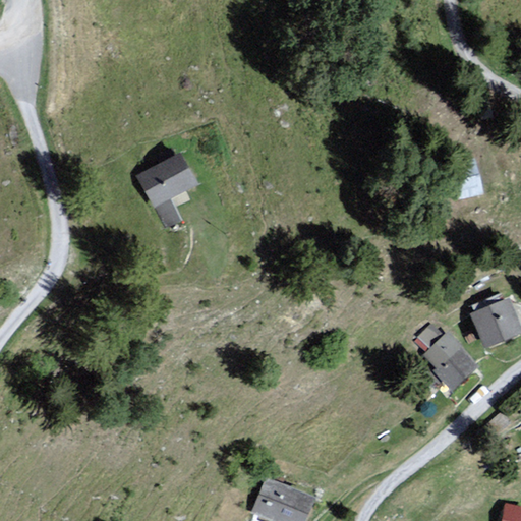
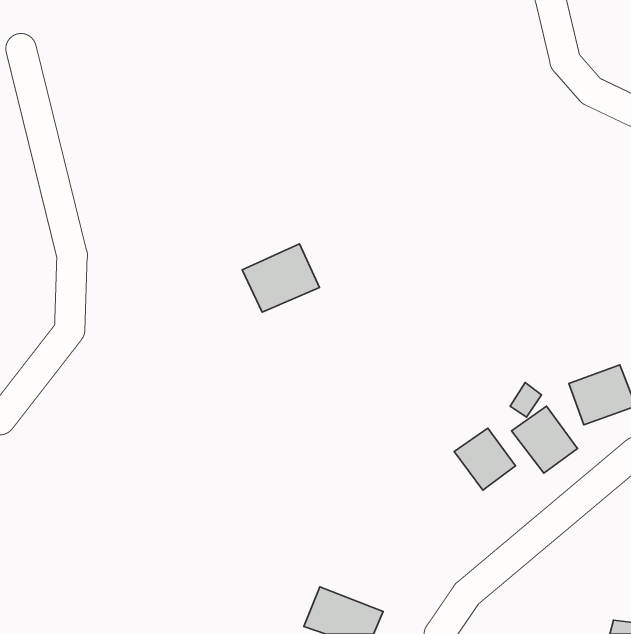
building: [133,155,196,211] -> [242,244,319,312]
building: none -> [454,428,515,490]

